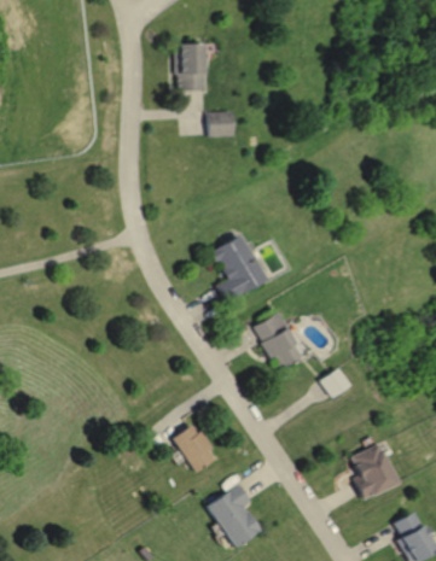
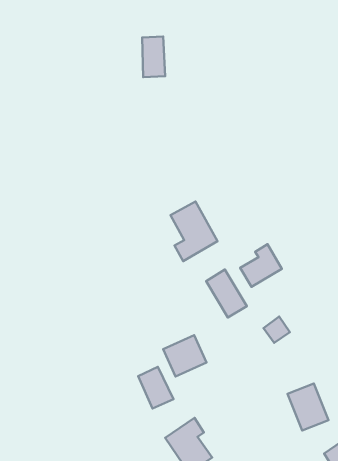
building: [210,111,234,136] -> none
building: none -> [240,244,282,287]
building: none -> [163,335,207,376]

